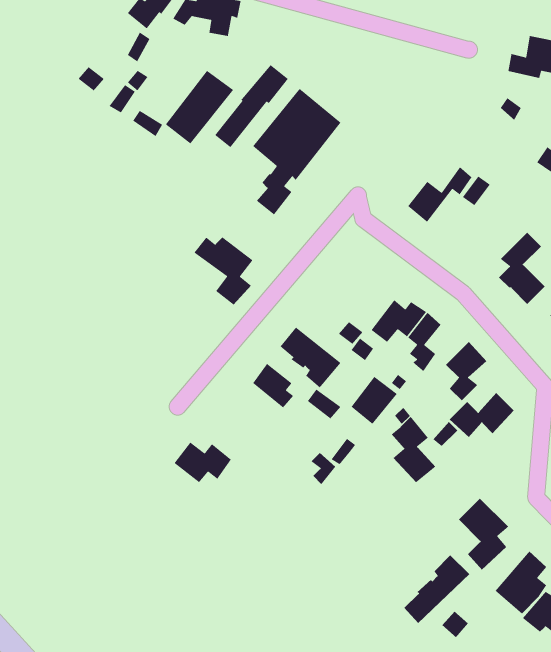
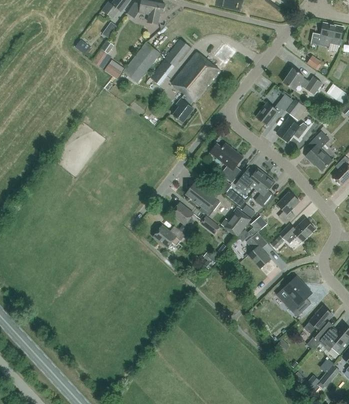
building: none -> [283,69,322,95]
building: none -> [277,118,309,142]
building: [186,236,254,306] -> [206,144,243,182]
building: [174,441,232,483] -> [153,225,185,248]
building: [404,554,470,624] -> none

